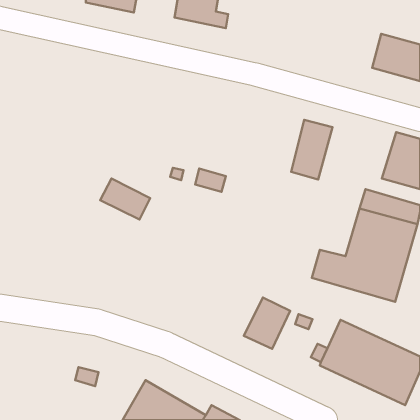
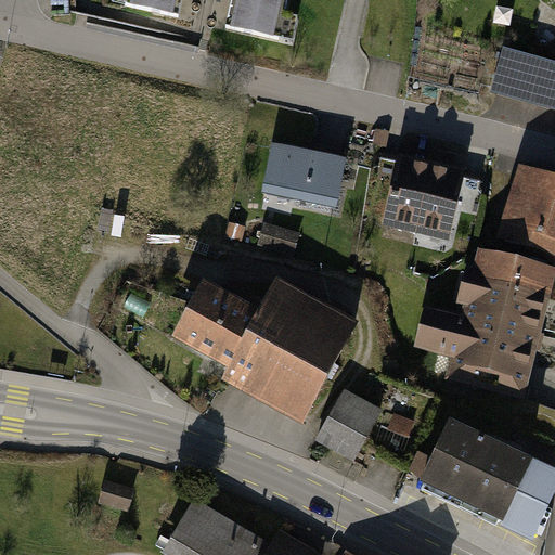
building: none -> [266,128,351,201]
building: none -> [417,167,472,245]
building: [100,178,150,219] -> none
building: none -> [178,280,358,422]

